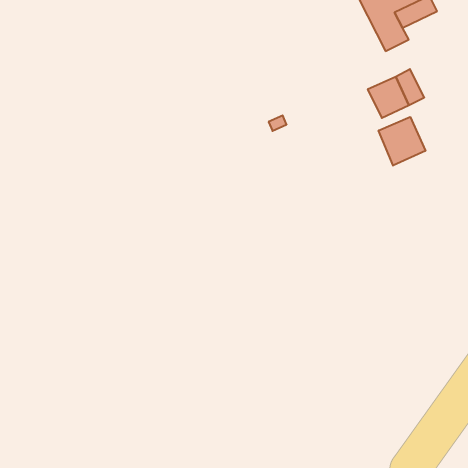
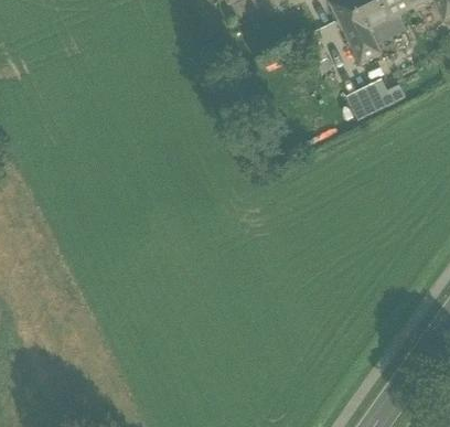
building: [379,117,425,166] -> none

